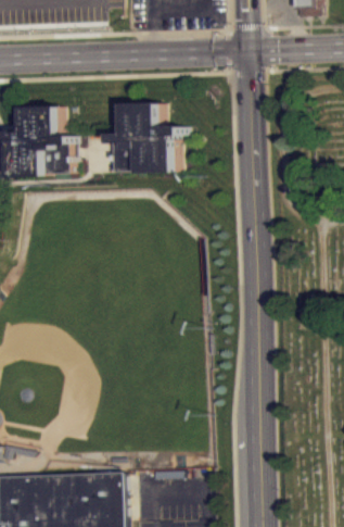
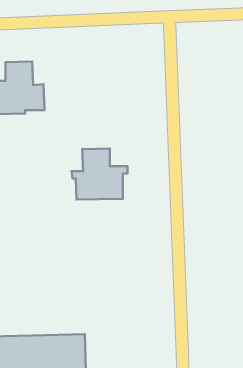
building: [106,103,181,172] -> [72,148,128,199]

